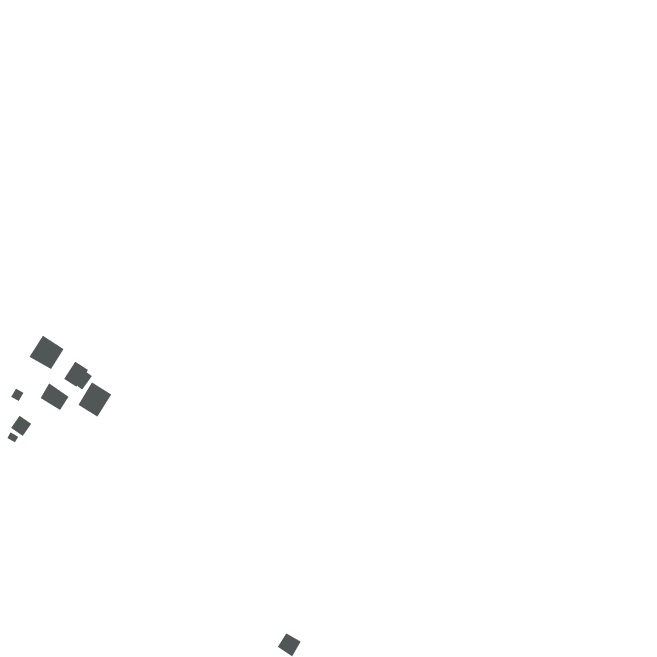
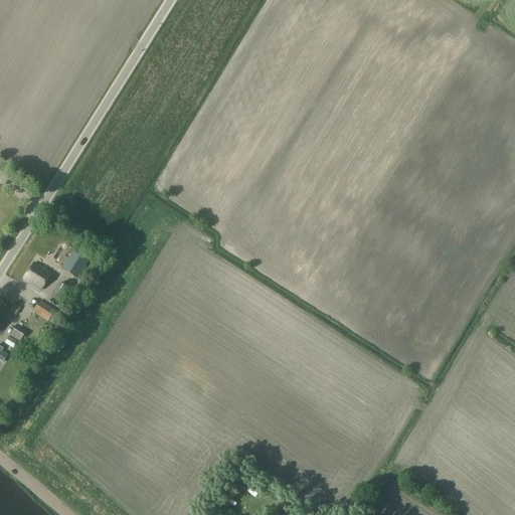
building: [77,382,112,418] -> [60,249,88,278]

